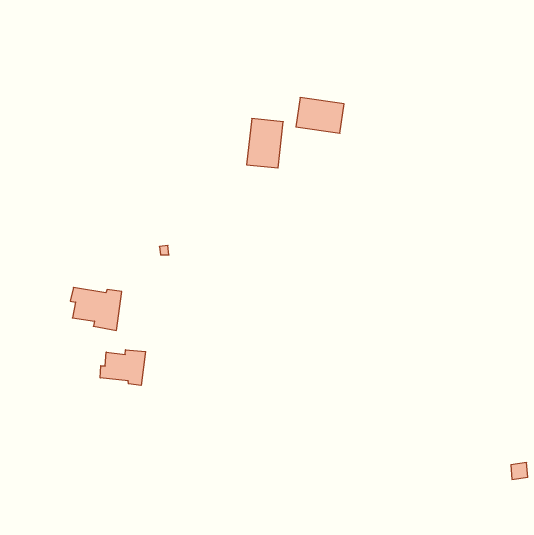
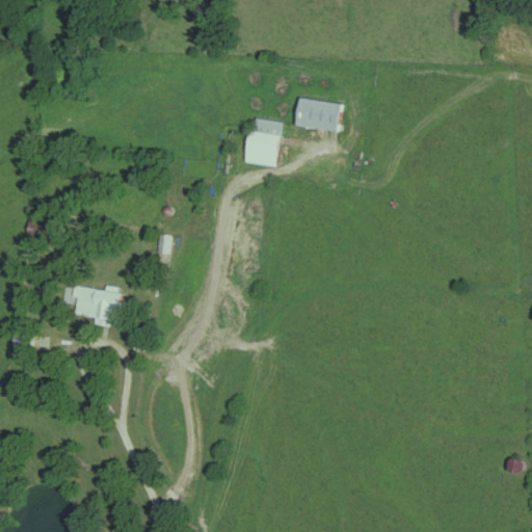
building: [100,350,146,385] -> none

